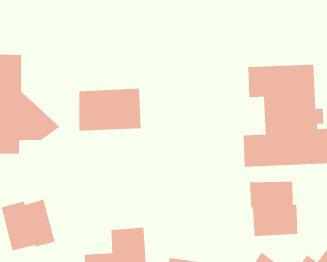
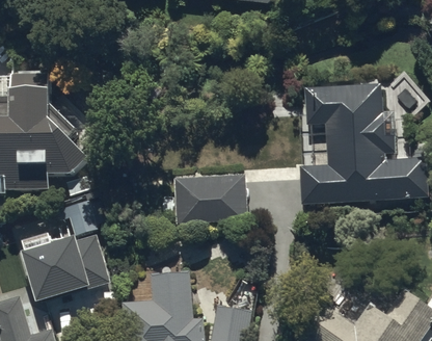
building: [79,88,142,131] -> [174,174,246,222]
building: [250,181,298,237] -> none

